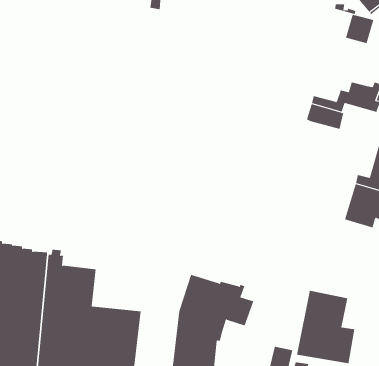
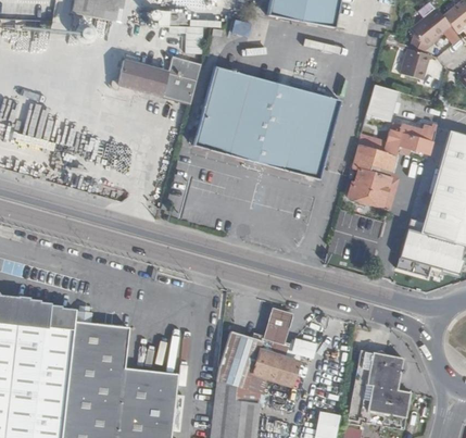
building: none -> [111,55,200,103]
building: none -> [191,65,339,179]
building: none -> [369,86,399,121]
building: none -> [350,164,398,208]
building: none -> [263,308,292,343]

